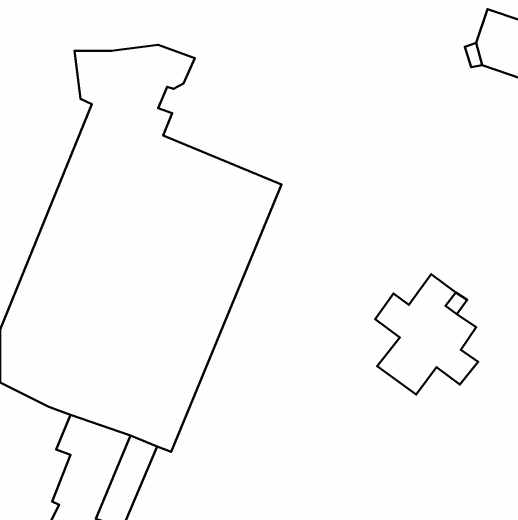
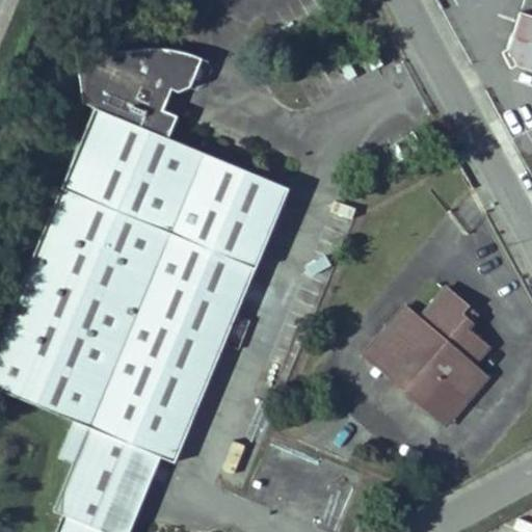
building: none -> [363,326,410,374]
building: none -> [427,375,472,420]

